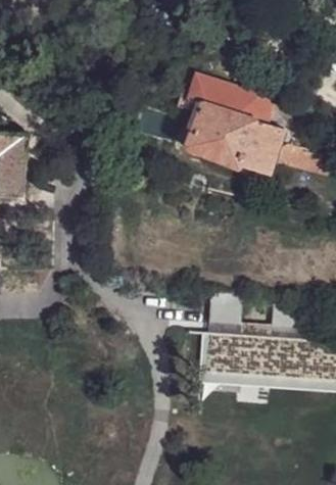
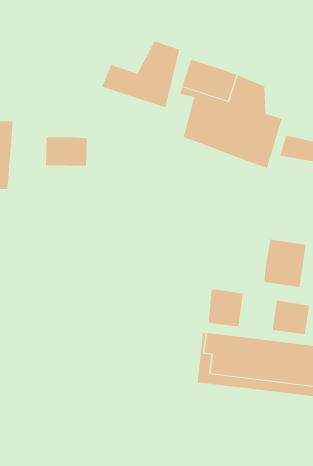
building: none -> [102,41,180,108]
building: none -> [45,136,87,167]
building: none -> [264,239,306,288]

